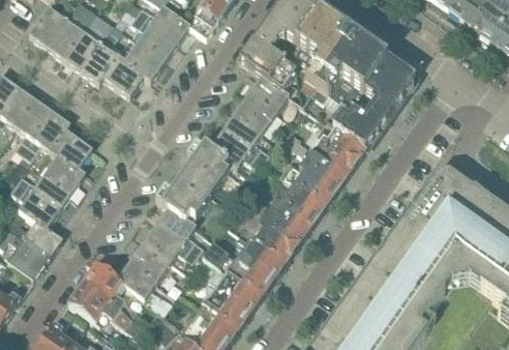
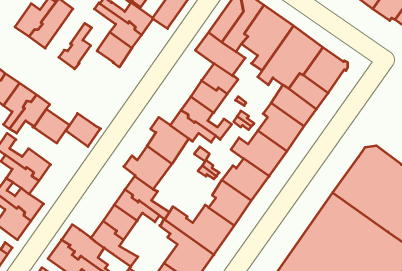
building: [65,12,115,68] -> none
building: [103,54,145,94] -> none
building: [46,154,86,193] -> [66,113,101,147]

